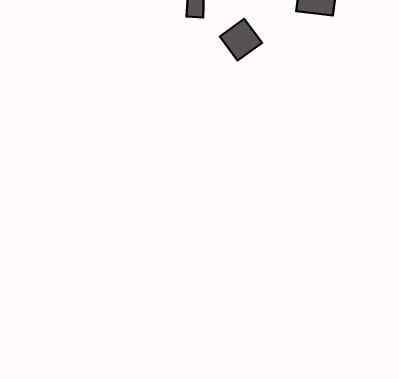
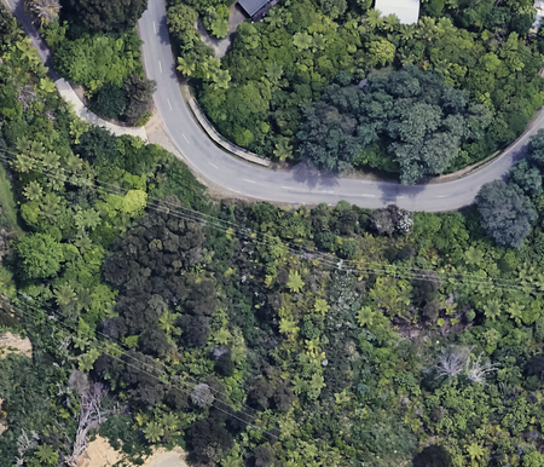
building: [220,19,262,61] -> none

